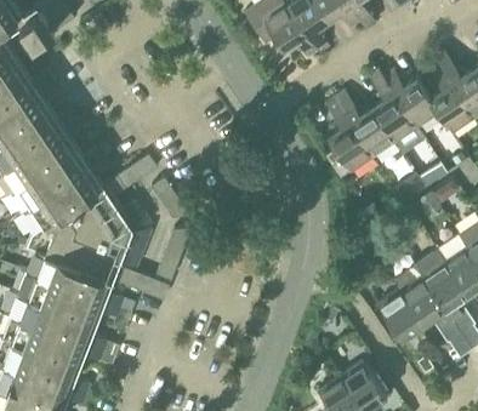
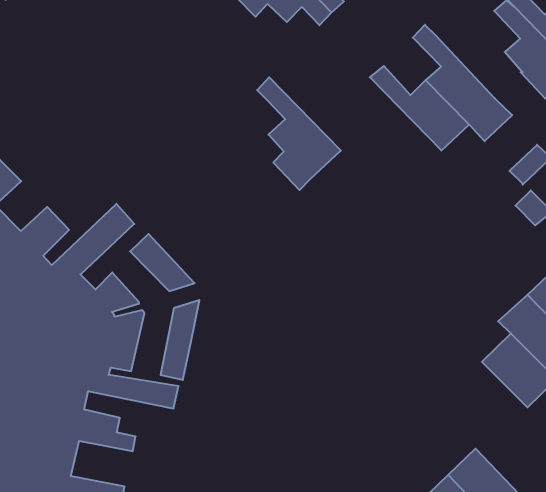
building: [385,70,439,126] -> none
building: [325,97,375,177] -> [257,77,341,190]

